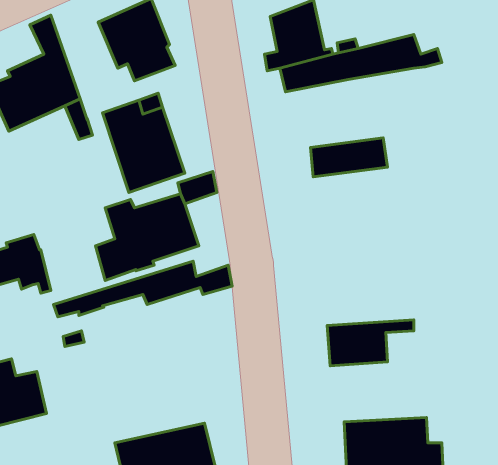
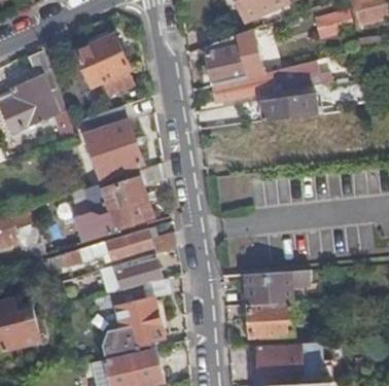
building: [311,138,387,177] -> [261,94,318,122]
building: none -> [101,253,163,290]
building: none -> [116,299,164,348]
building: none -> [248,303,292,341]

